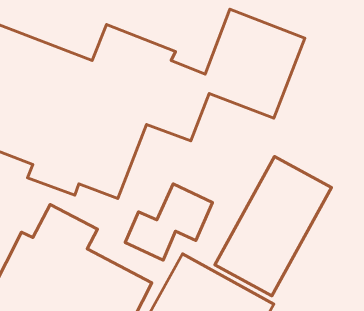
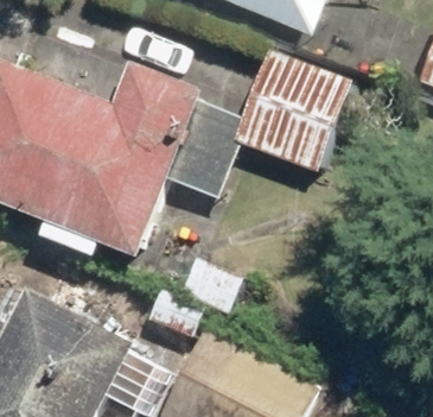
building: [215,157,331,296] -> none

